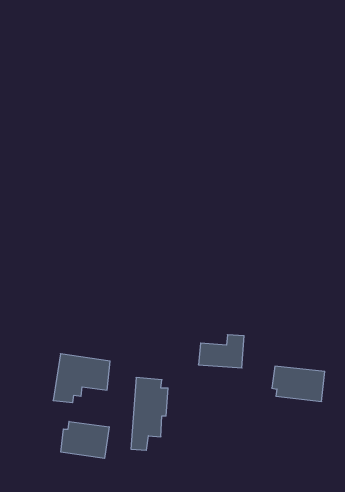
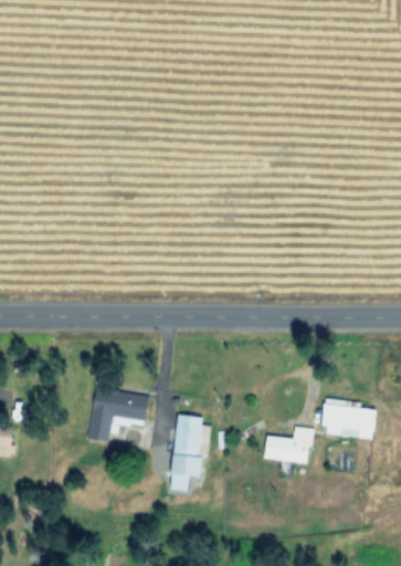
building: [198,335,244,368] -> [263,427,312,462]
building: [61,421,109,458] -> none

